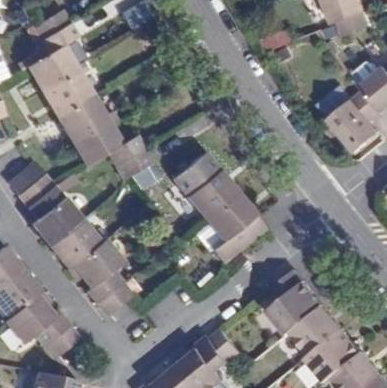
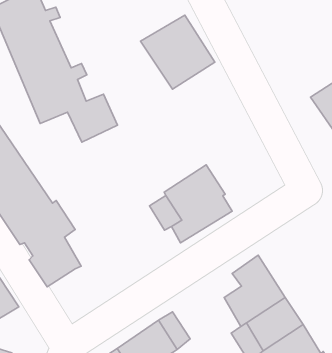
building: [169,149,239,218] -> [141,15,215,89]

